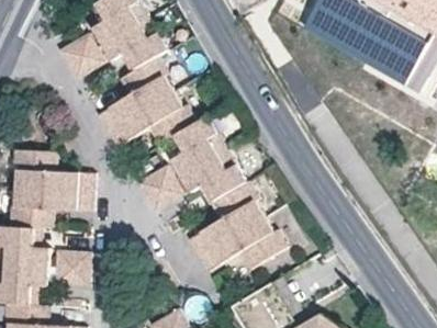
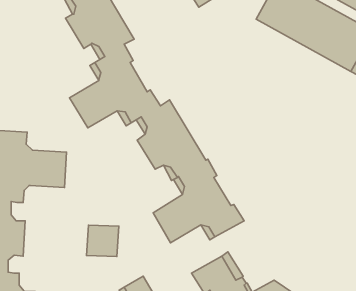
building: [59,34,104,79] -> none
building: [138,166,182,211] -> none
building: [55,251,90,285] -> [86,225,119,256]

